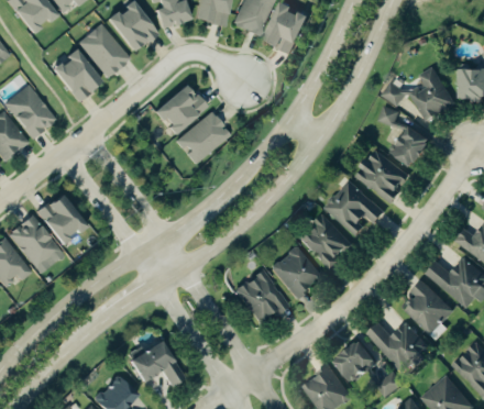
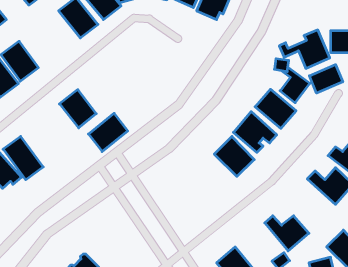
building: [55,49,107,101] -> none
building: [151,82,206,134] -> none
building: [176,111,230,164] -> [88,113,128,152]
building: none -> [309,65,343,93]
building: [34,192,85,245] -> [59,90,96,128]
building: [270,247,319,298] -> none
building: [233,269,286,324] -> none
building: [398,283,452,335] -> none
building: [130,340,185,386] -> none
building: [331,341,375,384] -> none

